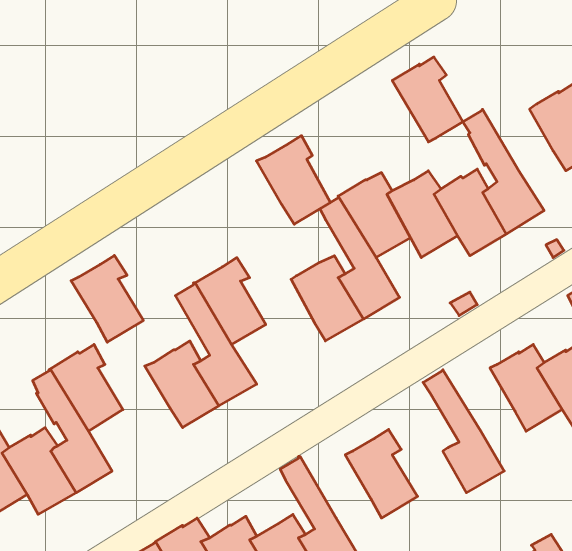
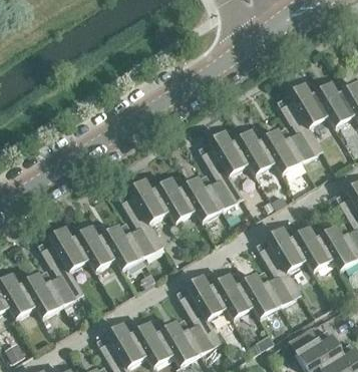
building: [392,57,463,142] -> [288,80,327,127]
building: [256,136,330,224] -> [153,174,195,224]
building: [71,255,143,342] -> [74,223,114,271]
building: none -> [266,225,306,272]
building: none -> [238,270,279,319]
building: none -> [187,272,226,320]

